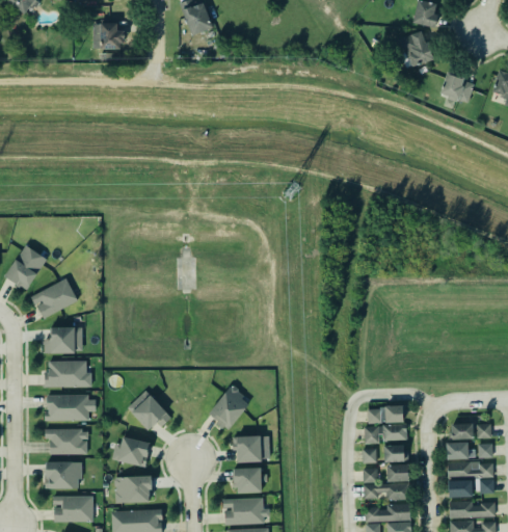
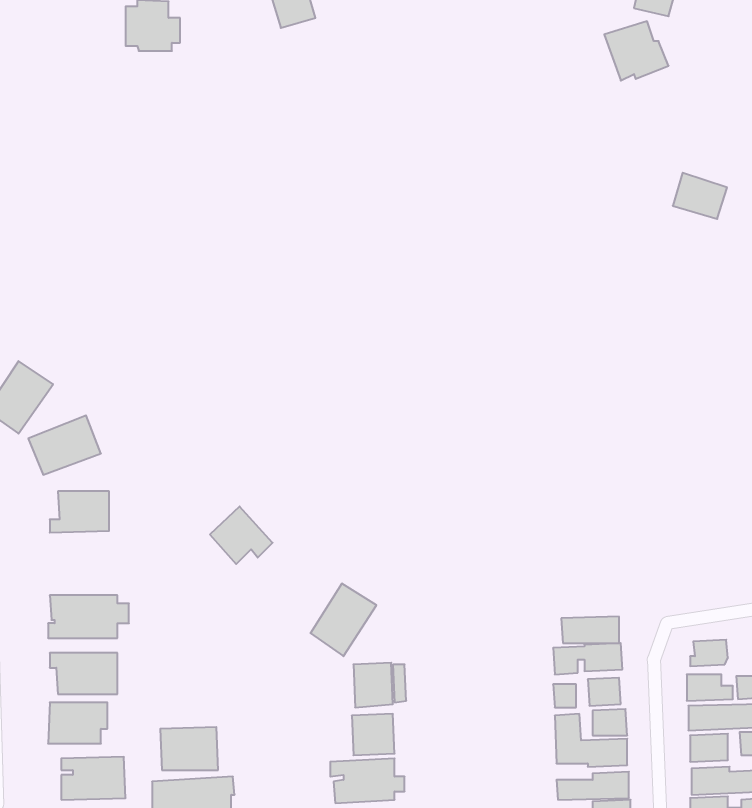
building: [440,74,475,103] -> [673,173,727,219]
building: [44,358,91,385] -> none
building: [132,395,171,431] -> [210,506,273,564]
building: [117,436,152,468] -> none

